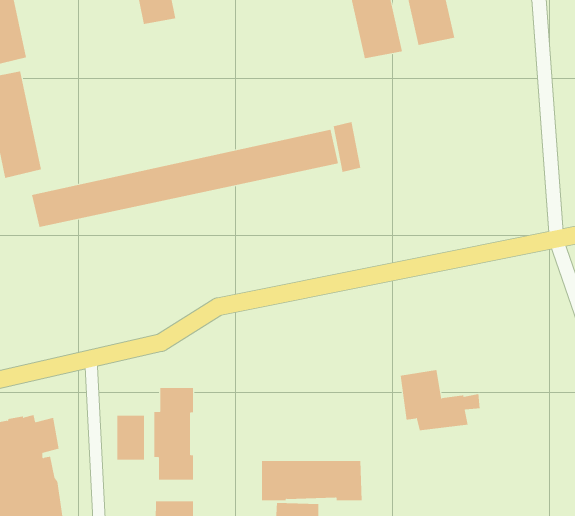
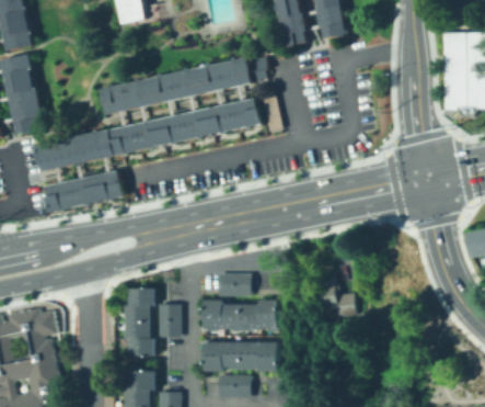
building: none -> [101,56,266,113]
building: none -> [43,171,124,212]
building: none -> [216,271,247,295]
building: none -> [205,299,279,329]
building: [116,415,145,460] -> [157,302,177,335]

